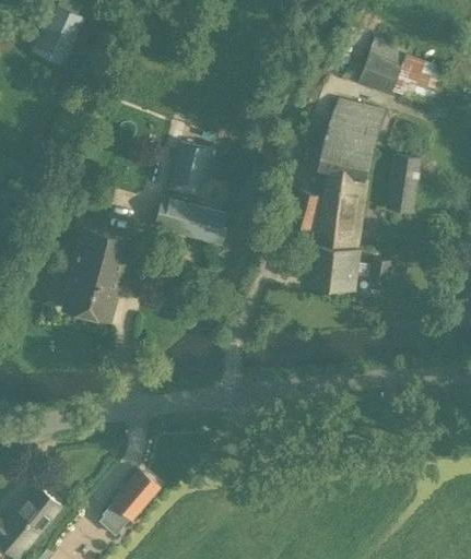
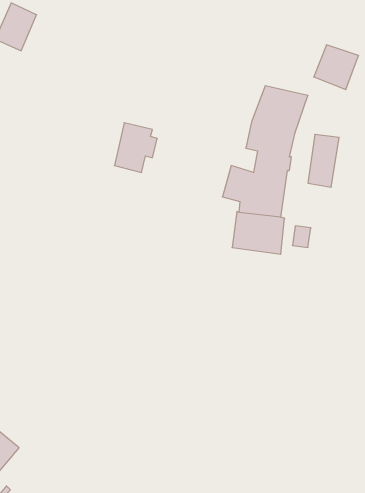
building: [360,39,409,92] -> none
building: [156,197,231,245] -> none
building: [62,228,132,321] -> none
building: [104,471,160,535] -> none

